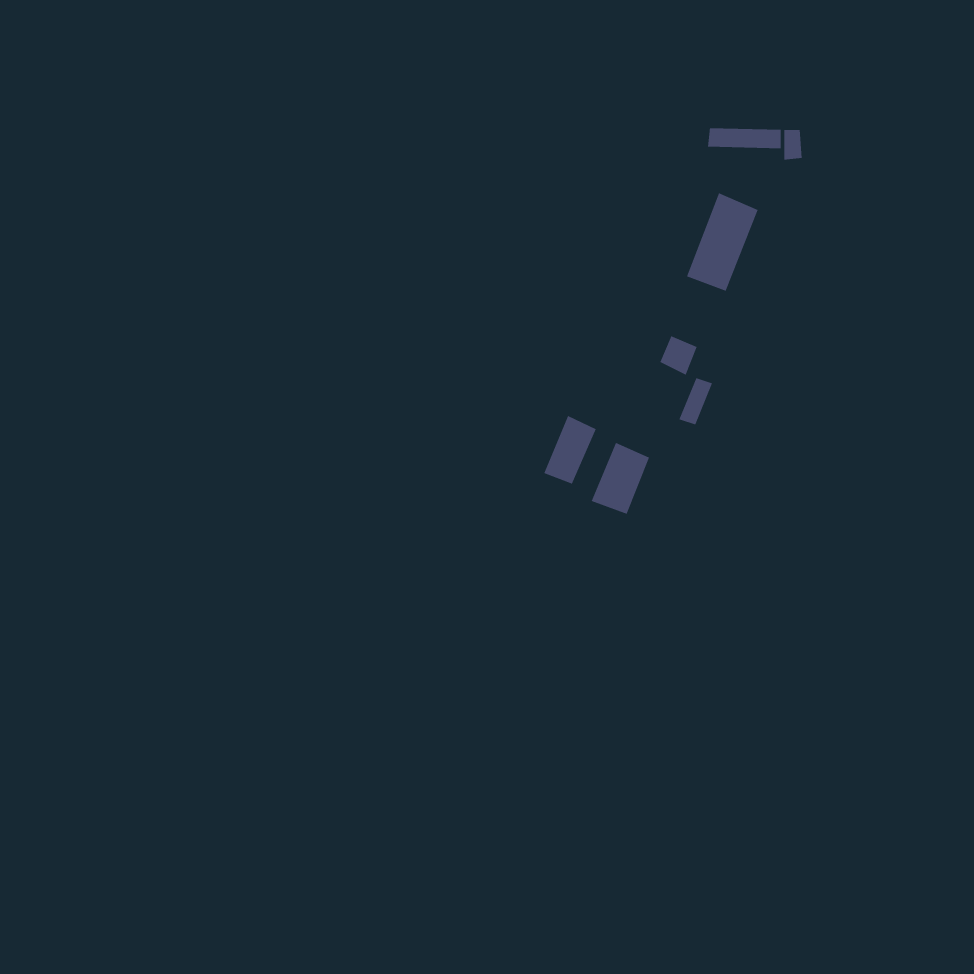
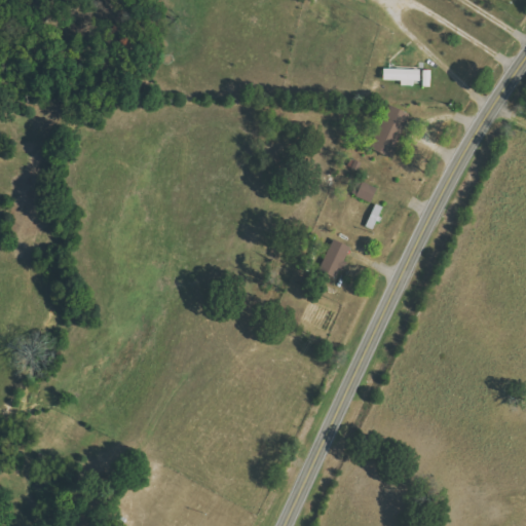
building: [543,415,596,485] -> none

